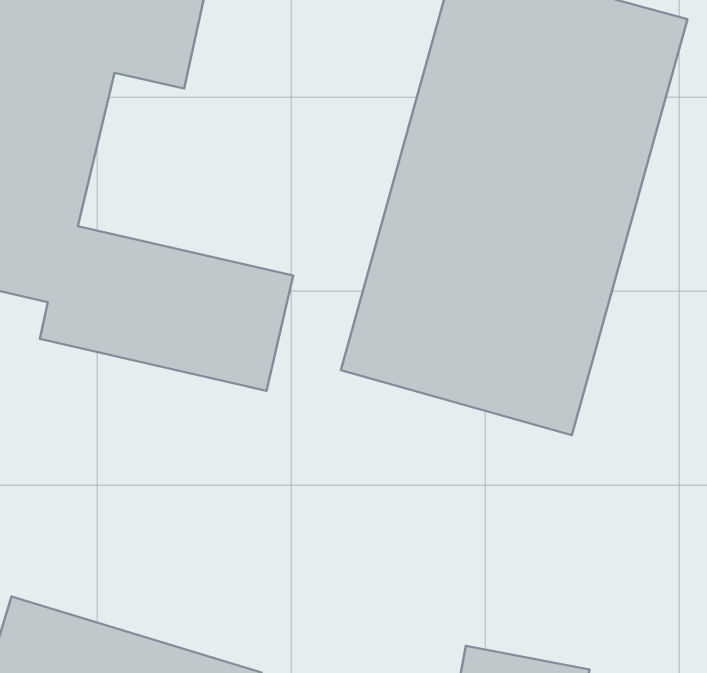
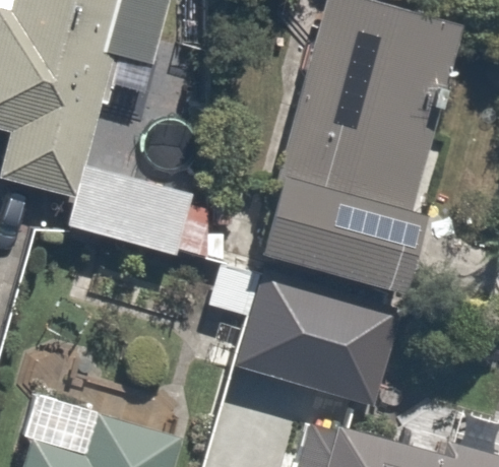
building: none -> [205,252,382,393]

